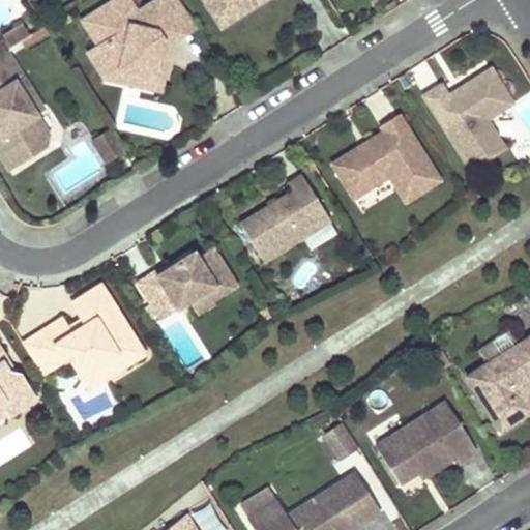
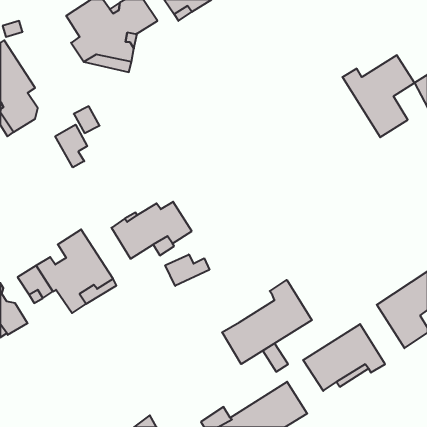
building: [332,113,441,201] -> none
building: none -> [55,125,87,167]
building: [241,174,330,261] -> none
building: none -> [165,254,209,286]
building: none -> [222,280,312,364]

